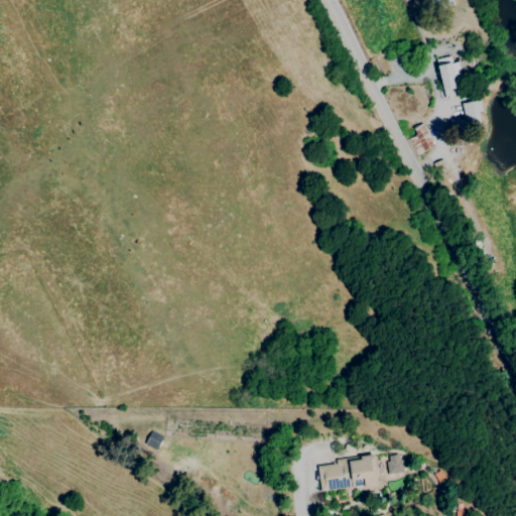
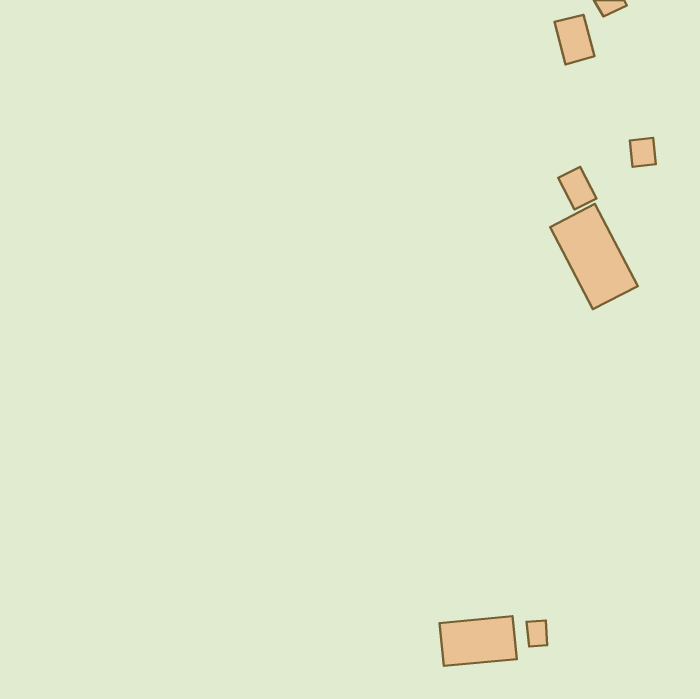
building: [440,58,470,95] -> [554,15,594,64]
building: none -> [550,204,638,309]

